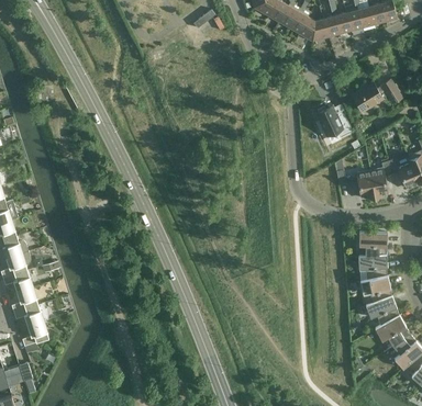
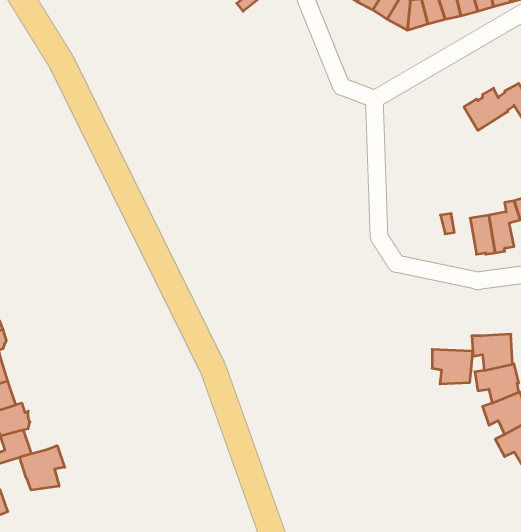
building: [315,105,352,136] -> none
building: [358,232,387,256] -> [432,349,473,384]
building: none -> [20,446,65,490]

